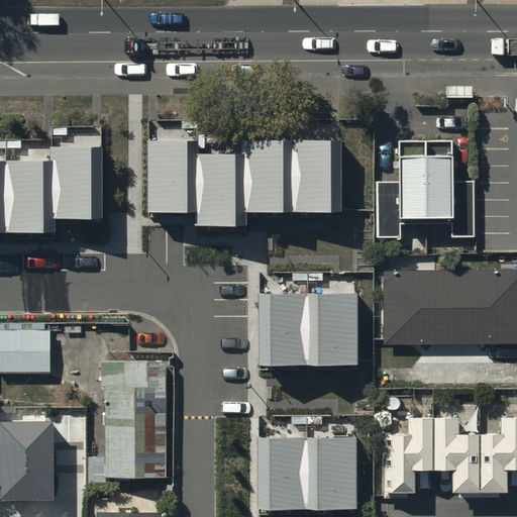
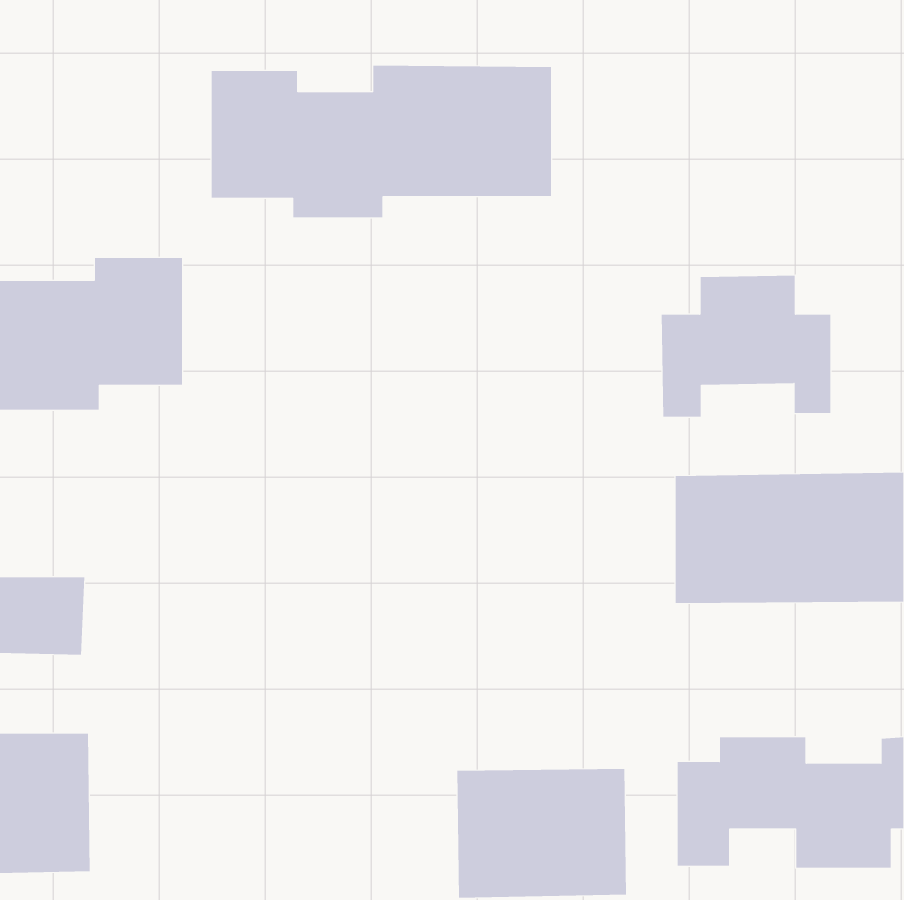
building: [148,138,342,225] -> [211,65,552,218]
building: [258,293,359,367] -> none
building: [101,359,167,477] -> none

